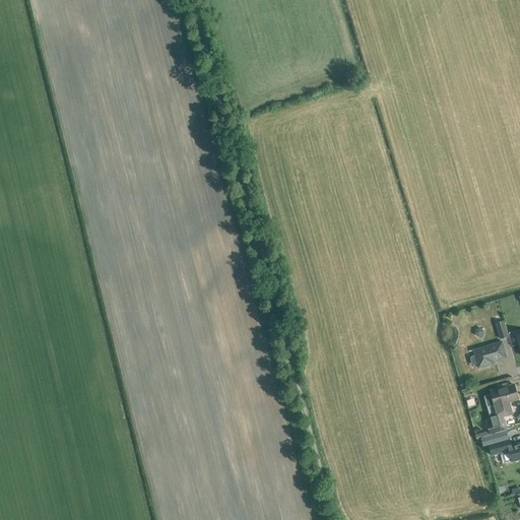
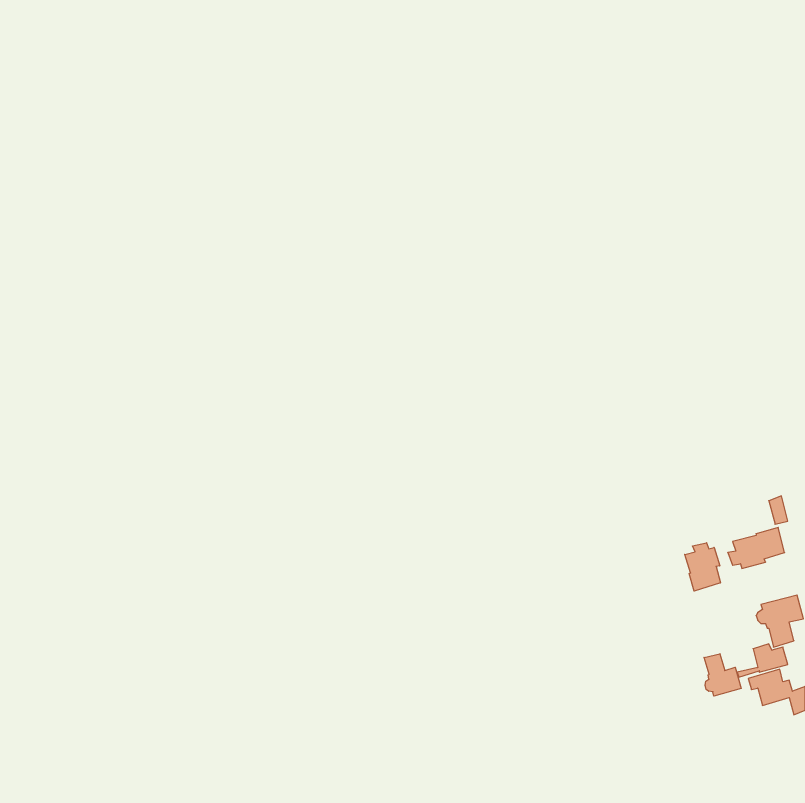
building: none -> [685,543,720,591]
building: none -> [704,654,741,696]

